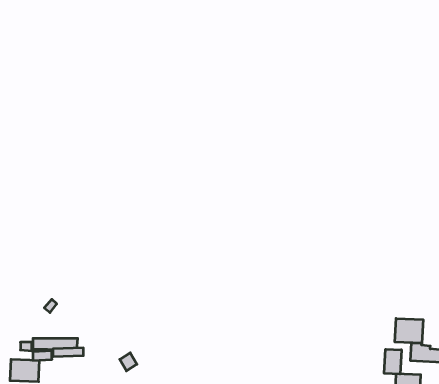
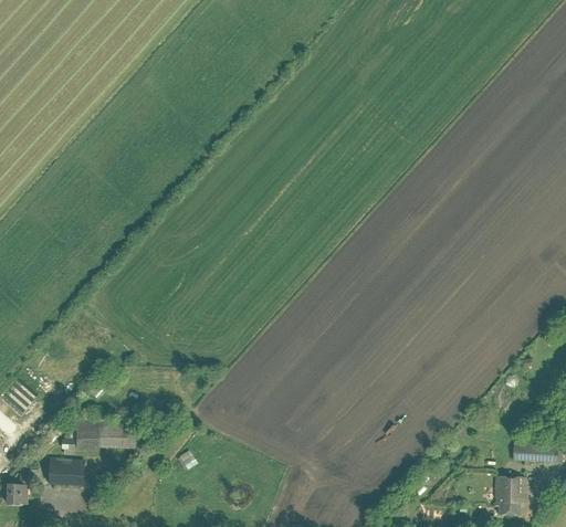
building: [395,318,423,343] -> none
building: [384,349,401,374] -> none

